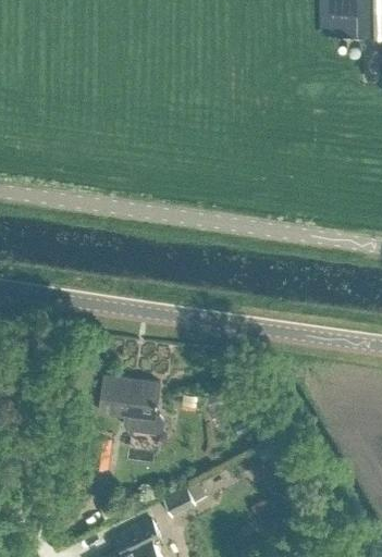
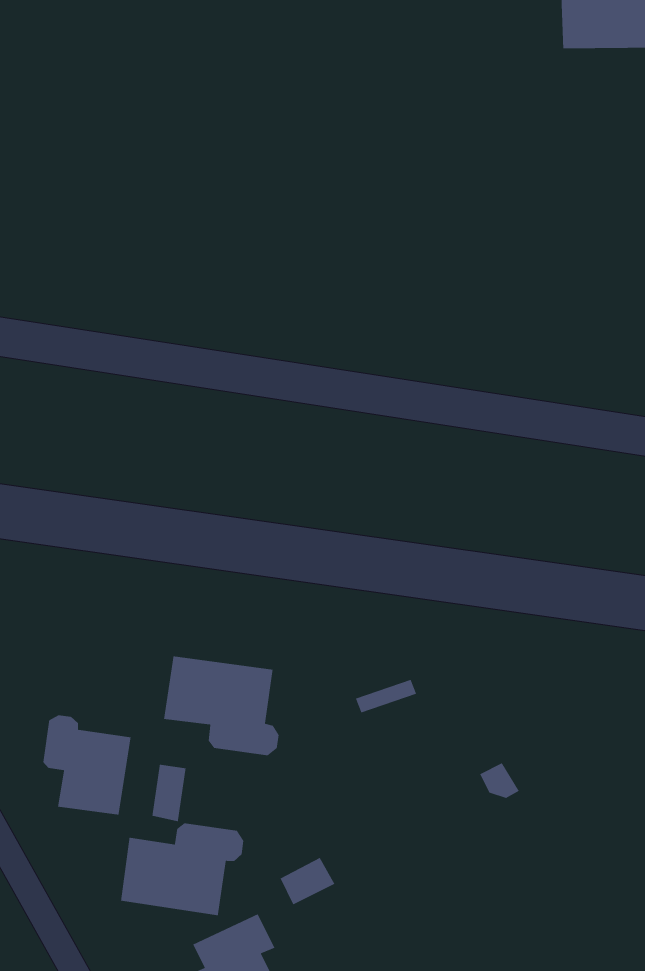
building: none -> [42,714,131,816]
building: none -> [120,823,244,916]

